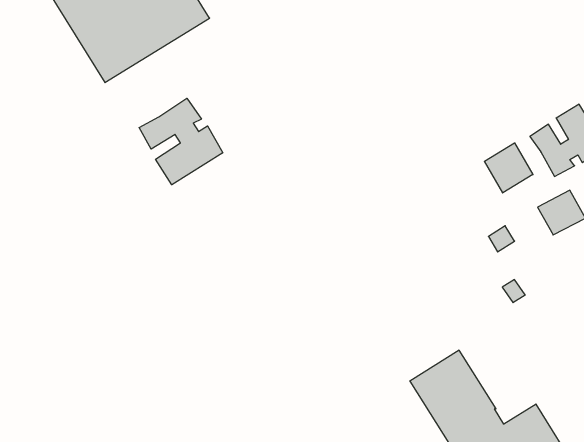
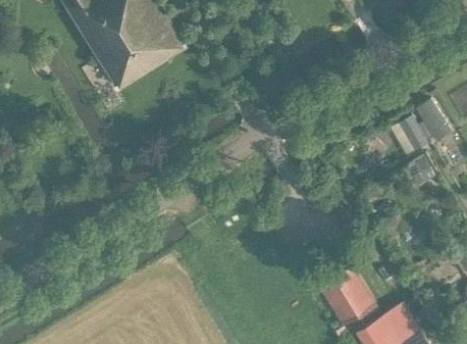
building: [139,98,223,185] -> none
building: [484,143,533,193] -> none

